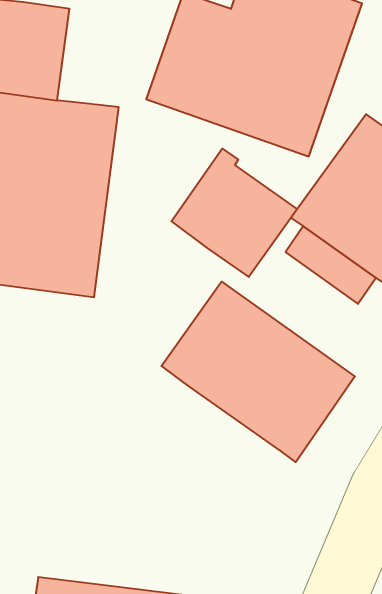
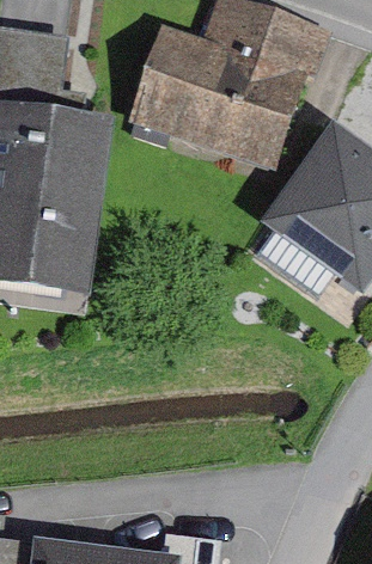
building: [171,149,297,277] -> none
building: [161,282,355,462] -> none

